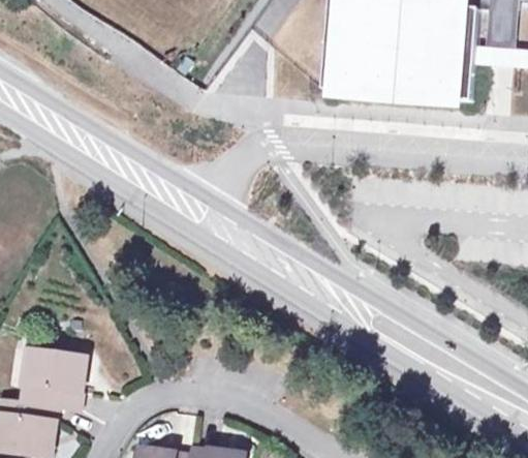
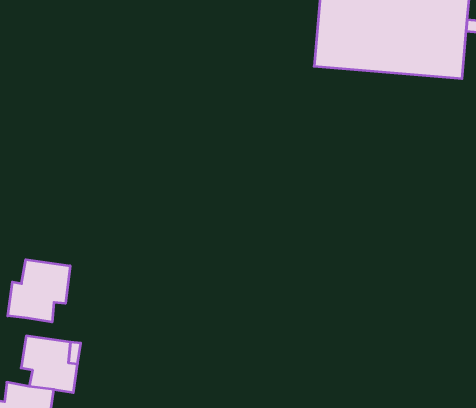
building: none -> [8,260,70,322]

